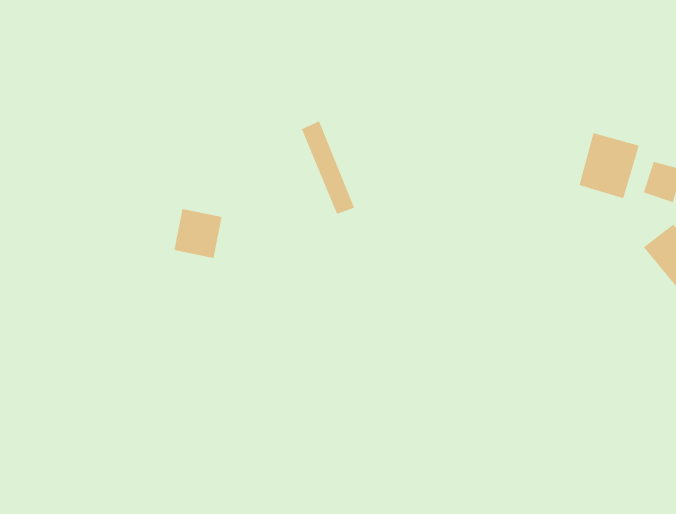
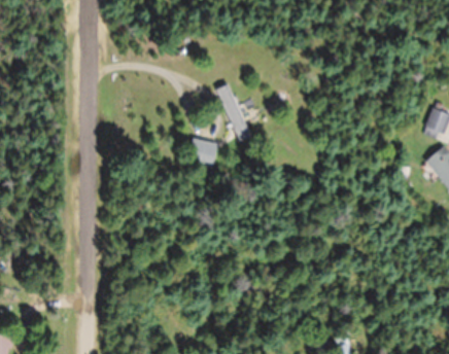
building: [578,132,640,199] -> none
building: [174,208,223,259] -> [188,138,218,169]

